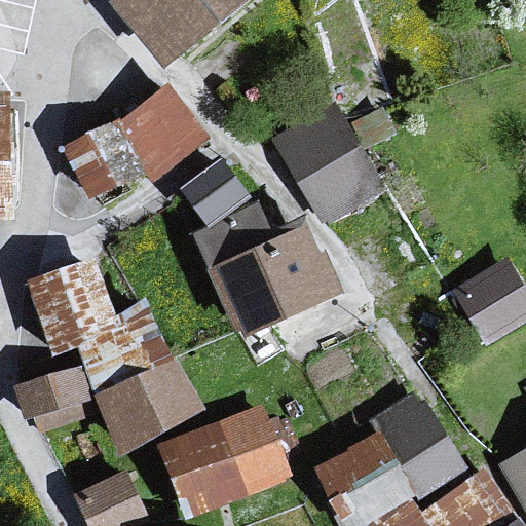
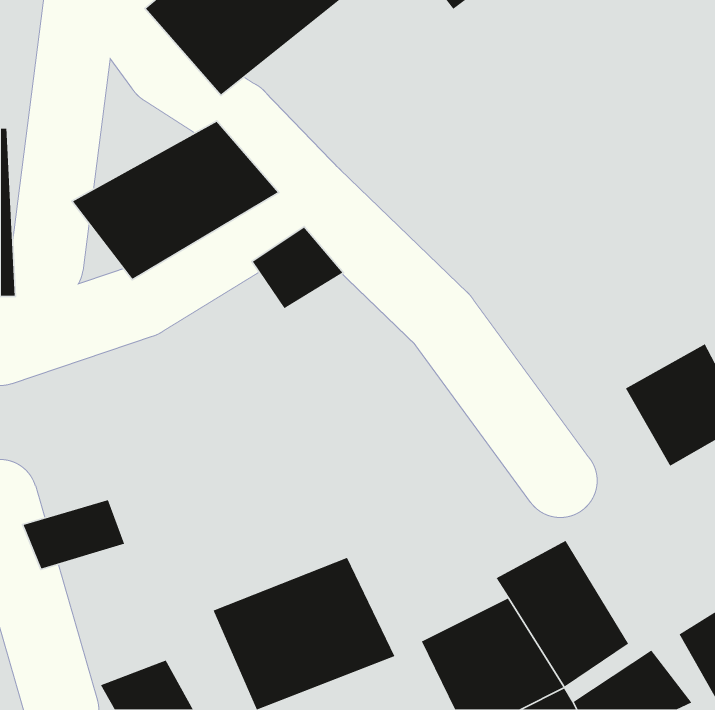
building: [271,93,379,214] -> none
building: [209,223,338,336] -> none
building: [29,259,117,360] -> none
building: [102,351,209,457] -> none

